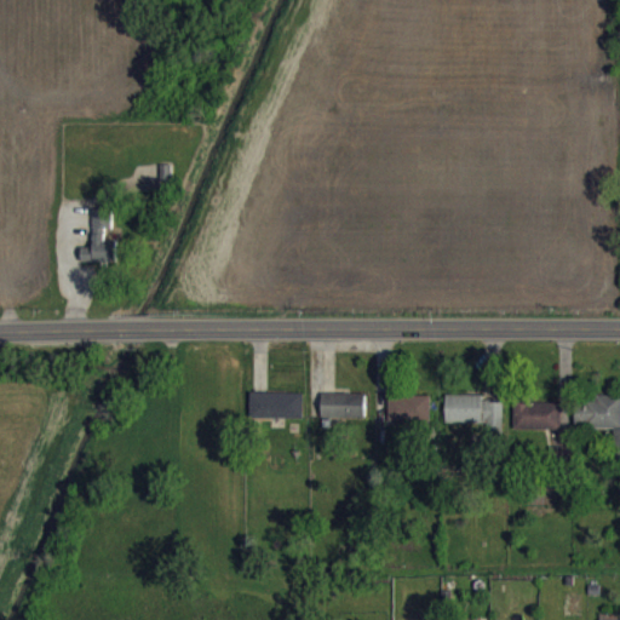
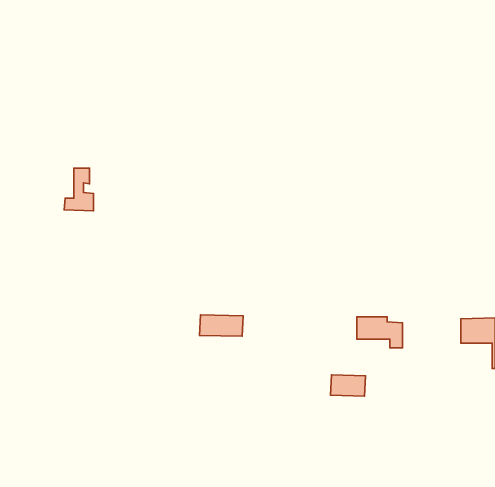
building: [321,394,364,419] -> none
building: [386,395,430,421] -> [331,375,366,396]
building: [512,401,559,430] -> none

